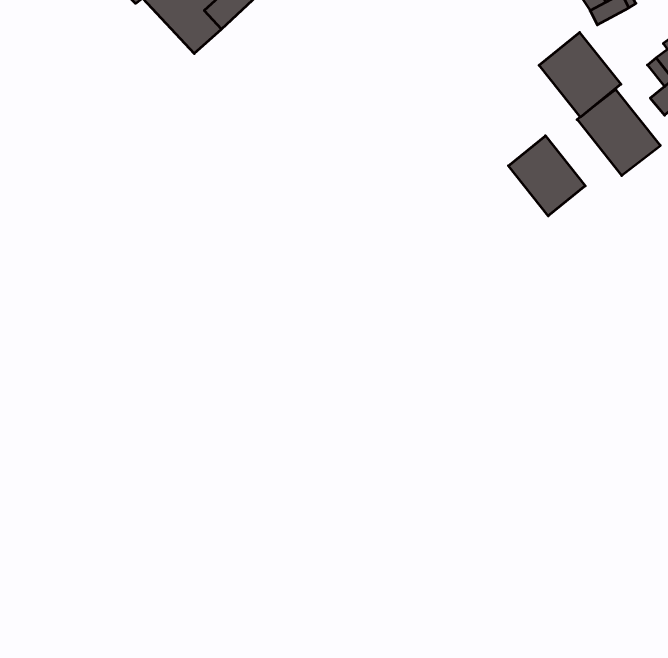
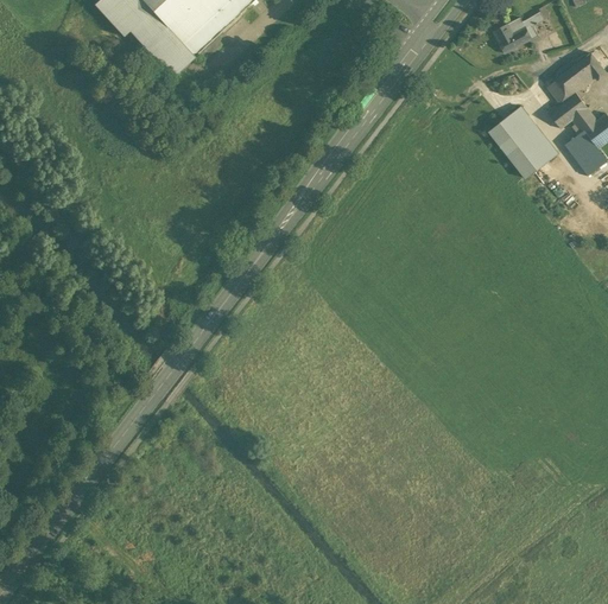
building: [539,32,621,117] -> none
building: [508,136,585,216] -> none

